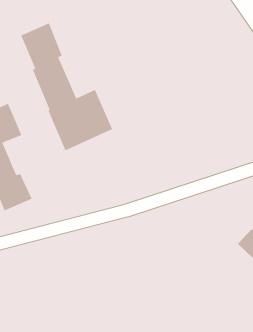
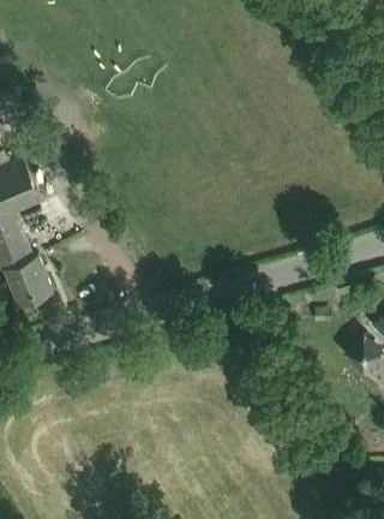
building: [20,23,113,151] -> none

